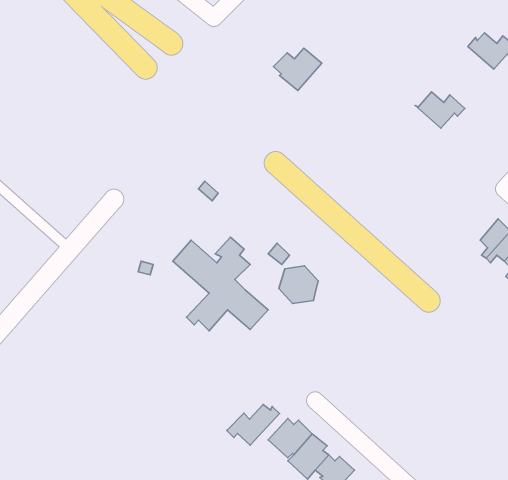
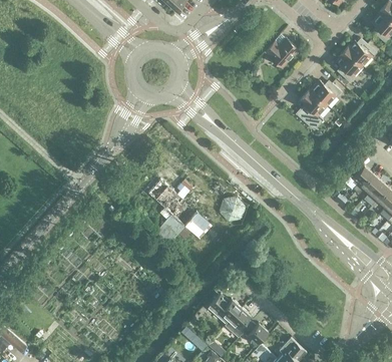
building: none -> [336,50,360,82]
building: [273,48,322,91] -> [265,38,297,66]
building: none -> [298,89,325,129]
building: [227,405,279,445] -> none

